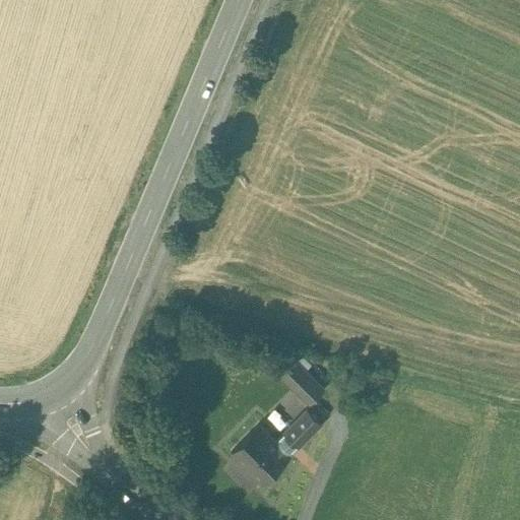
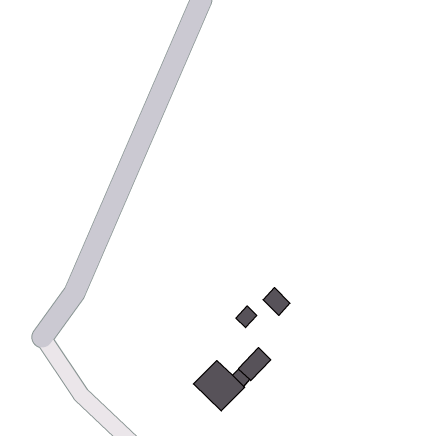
building: [287,378,319,410] -> [263,288,290,315]

